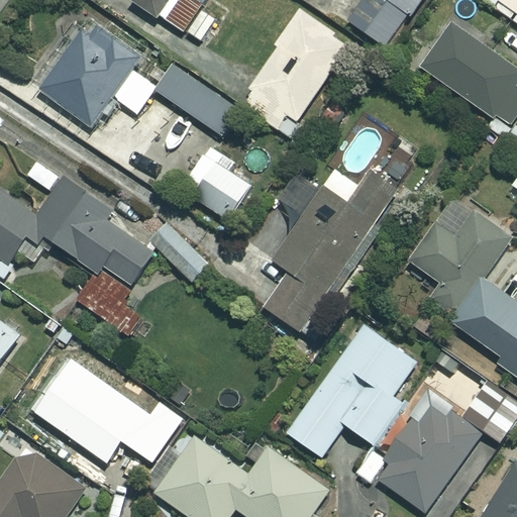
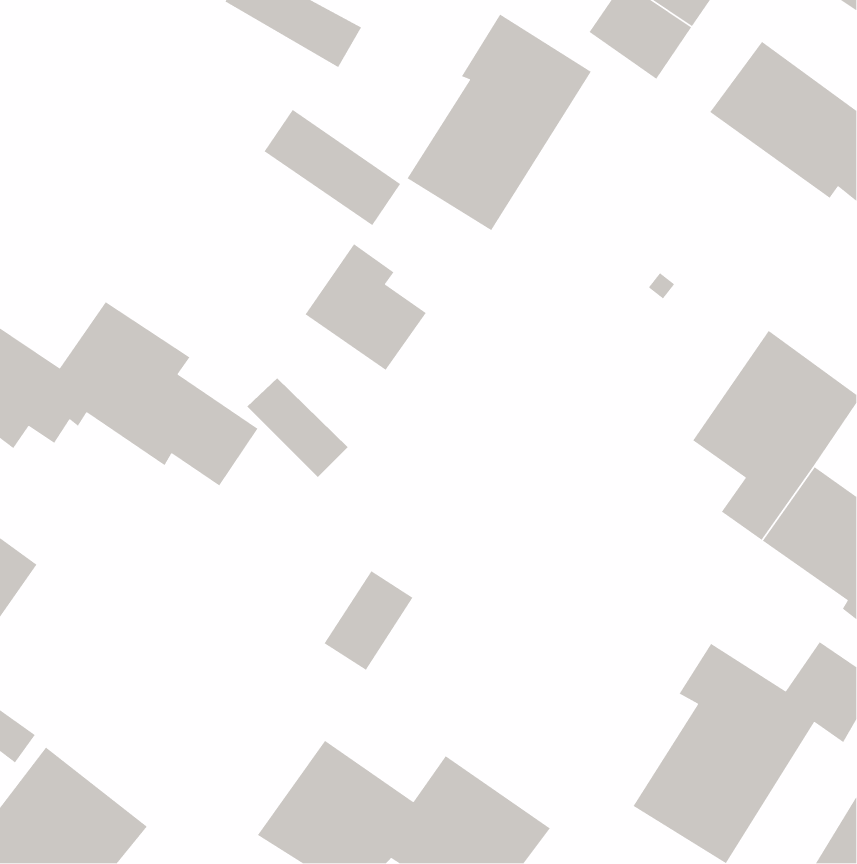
building: [39,26,154,125] -> none
building: [264,170,398,333] -> none
building: [73,276,142,338] -> none
building: [287,323,417,456] -> none
building: [37,369,143,462] -> none
building: [130,402,184,461] -> [324,570,414,671]

